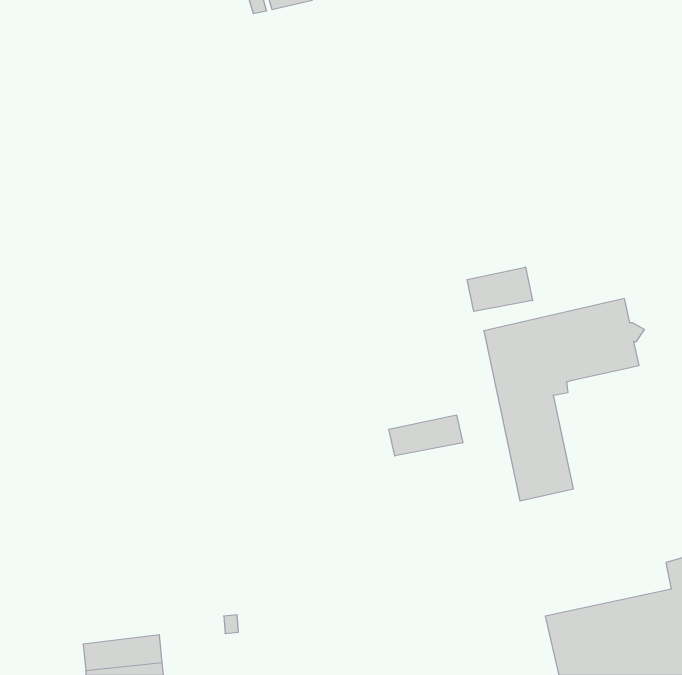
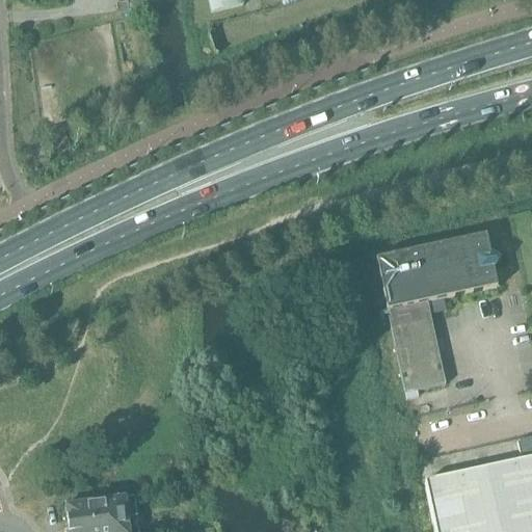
building: [467,267,533,311] -> none
building: [389,415,463,456] -> none

